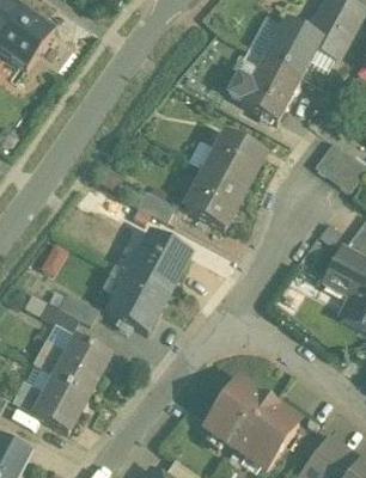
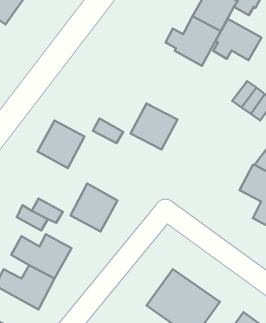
building: none -> [213,19,261,60]
building: [205,130,264,189] -> none
building: [129,231,189,292] -> [38,120,85,168]

